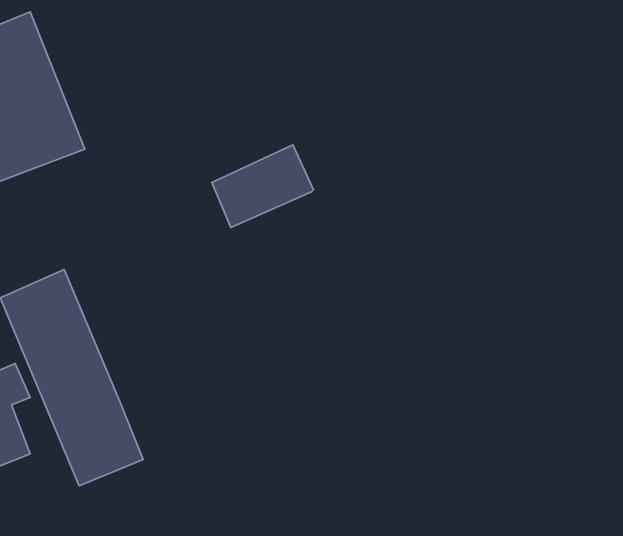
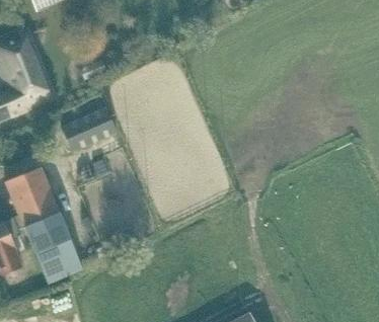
building: [212,145,313,228] -> [63,108,118,153]

